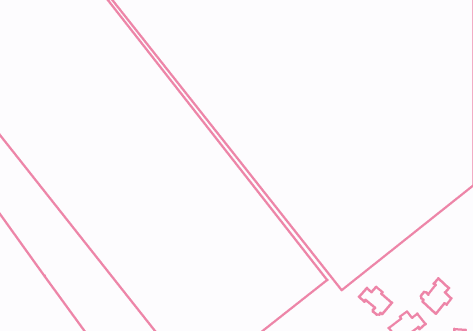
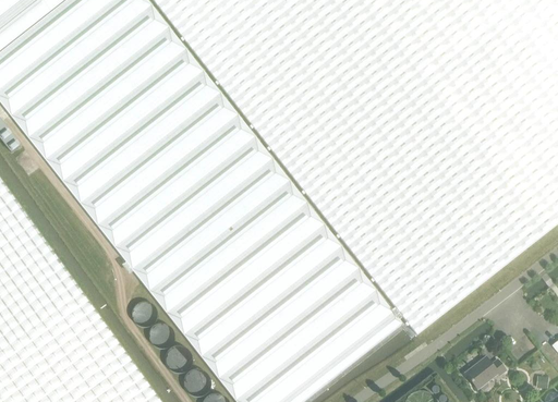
building: [421,278,451,314] -> none
building: [359,287,392,315] -> none

